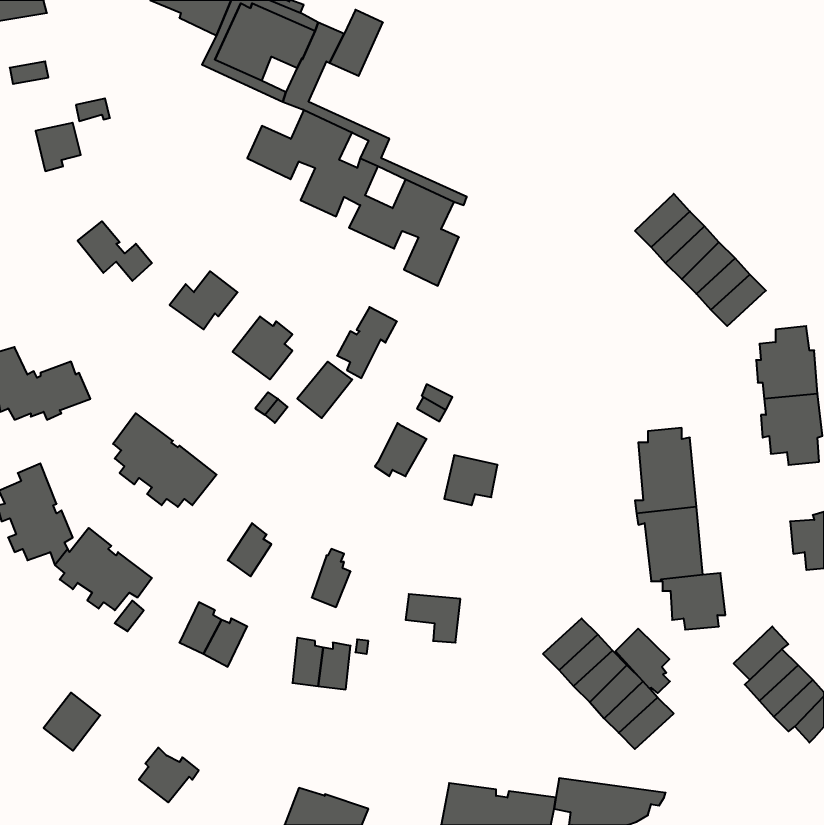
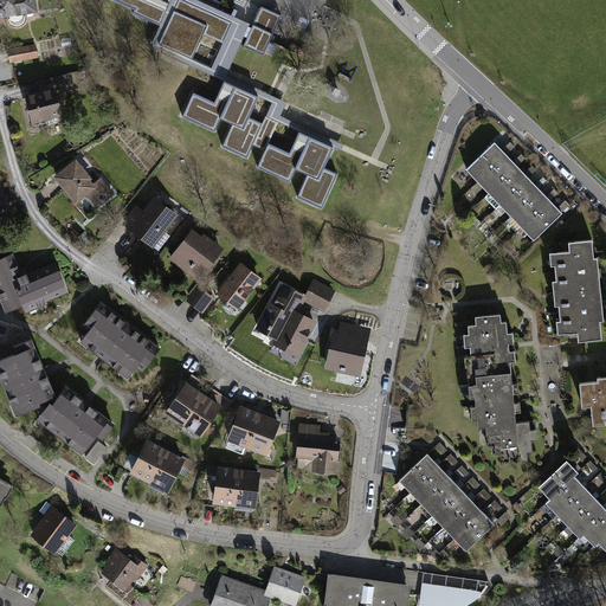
building: [337,307,397,378] -> [259,286,303,339]
building: none -> [183,399,218,433]
building: none -> [246,417,277,452]
building: [616,629,670,693] -> none
building: none -> [265,569,304,600]

